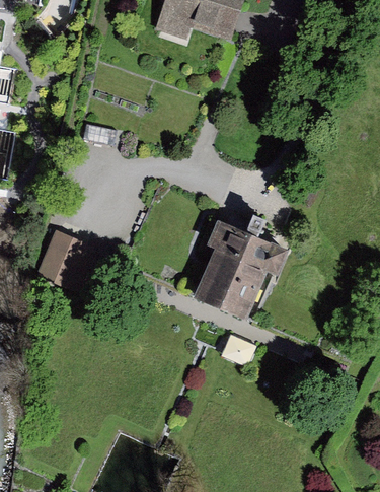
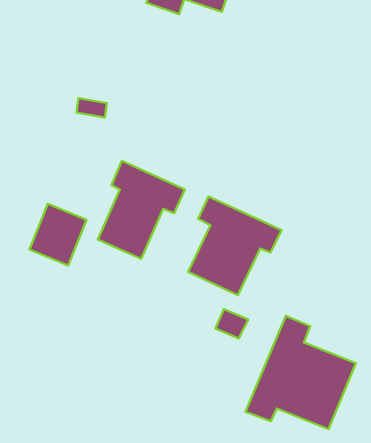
building: none -> [98,161,185,259]
building: none -> [245,316,356,429]

